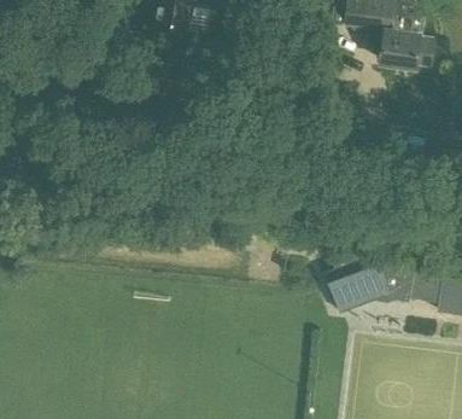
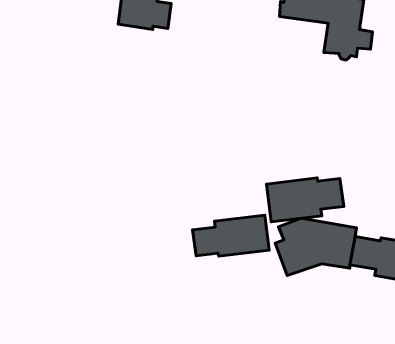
building: none -> [266,178,344,222]
building: none -> [192,215,269,256]

